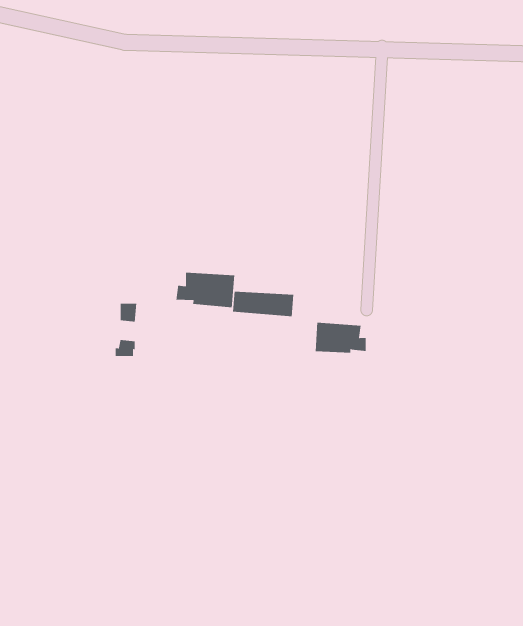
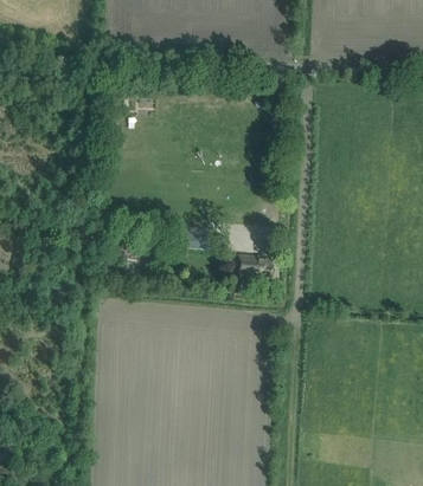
building: [176,272,235,308] -> none

